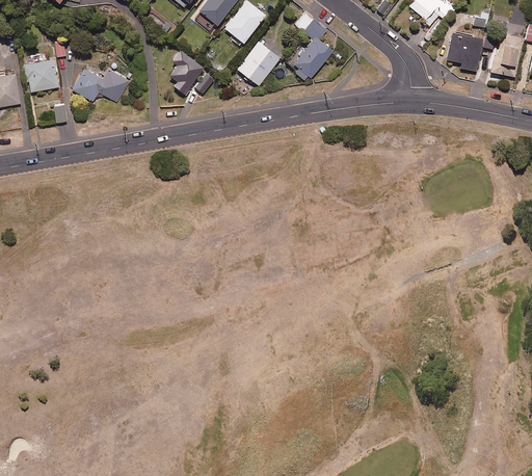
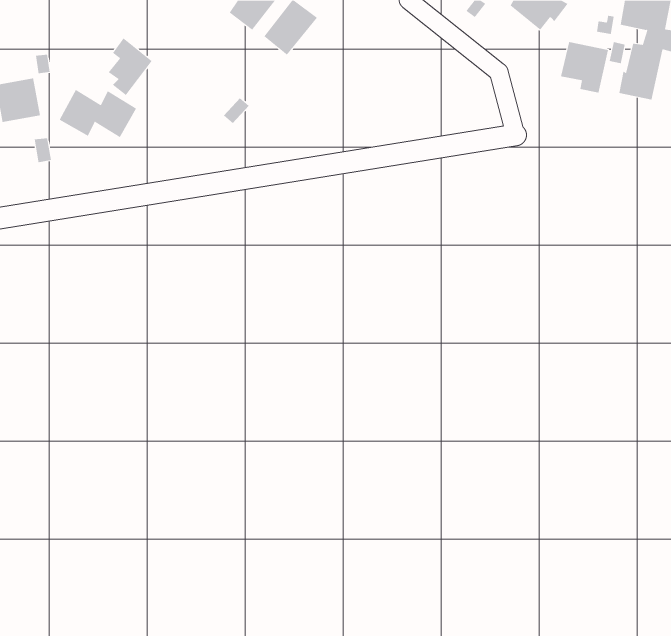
building: [288,11,334,82] -> none
building: [237,41,281,85] -> none
building: [170,50,204,94] -> [108,37,153,96]

